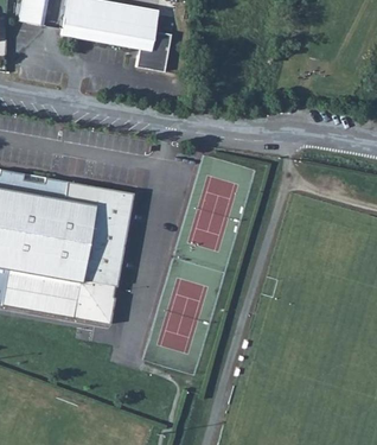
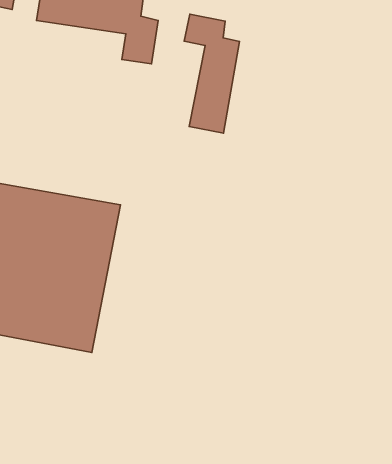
building: none -> [184,14,240,133]

